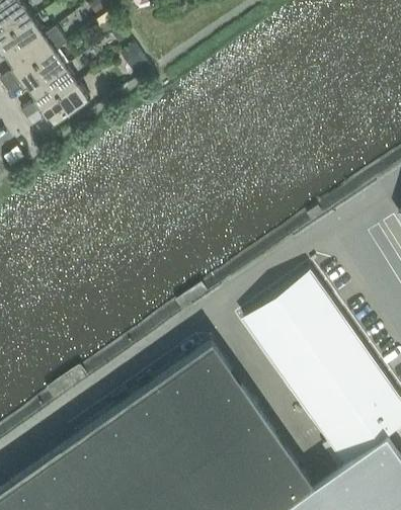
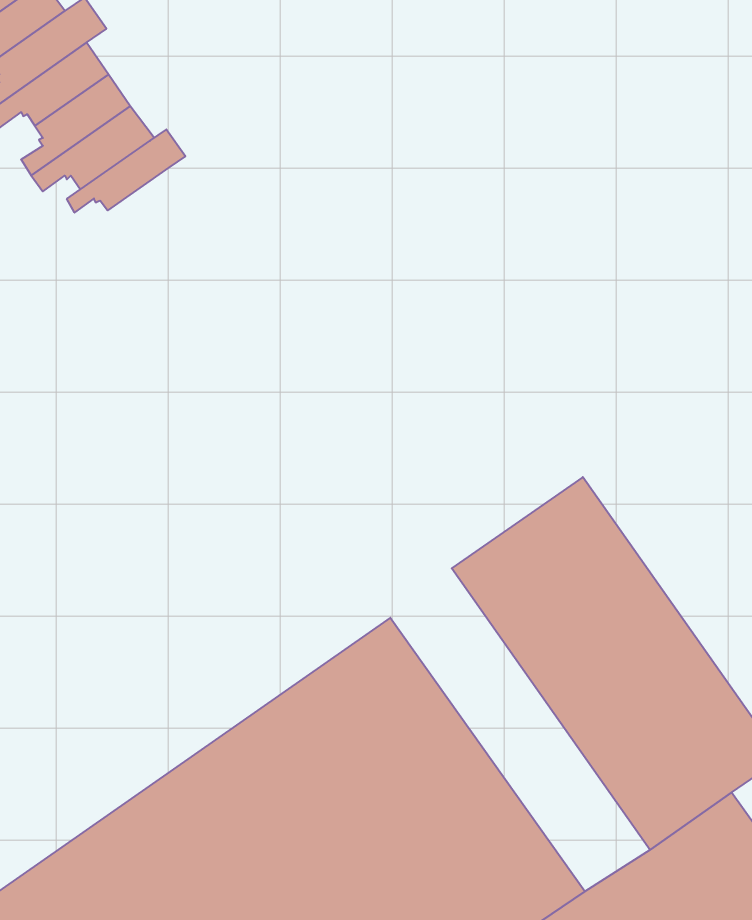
building: none -> [67,129,185,213]

